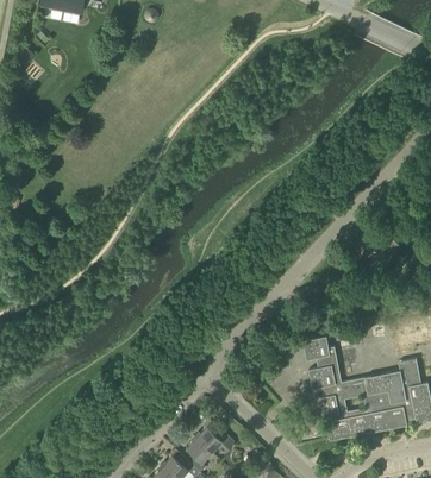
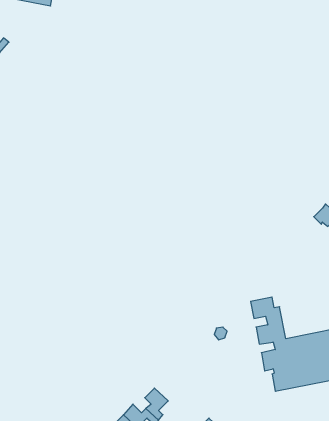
building: [195,427,233,452] -> none

